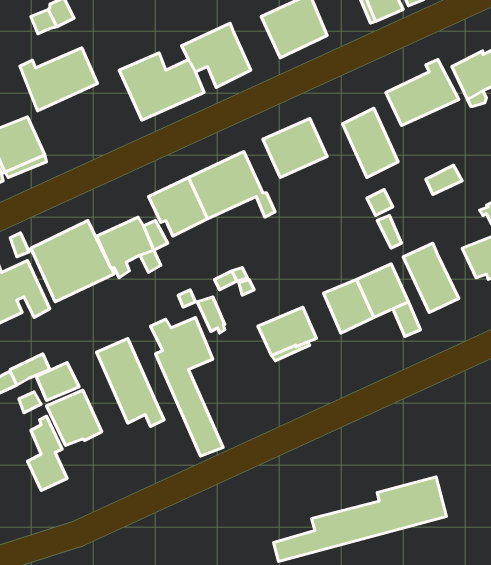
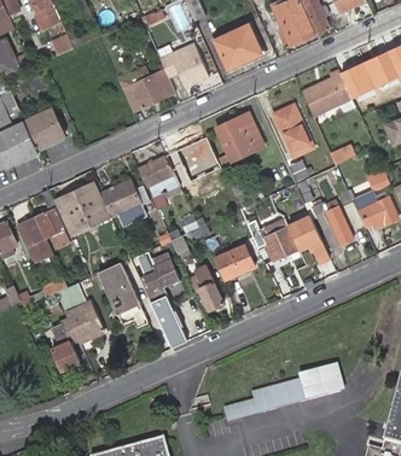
building: [20,48,97,111] -> none
building: none -> [188,264,225,308]

